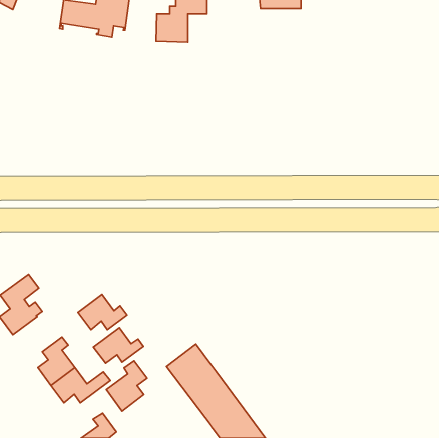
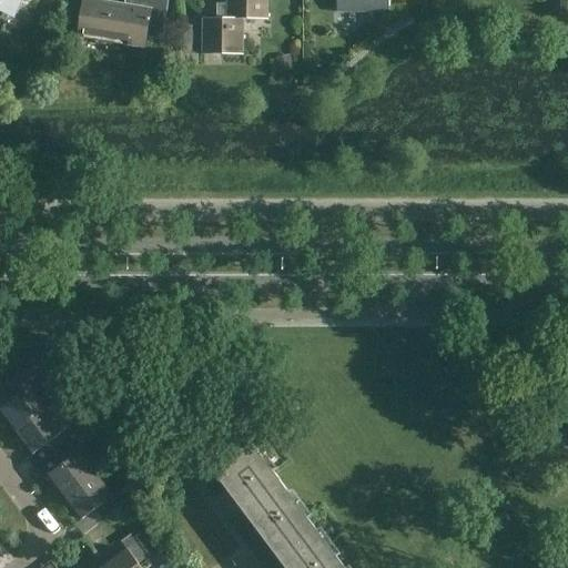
building: [78,295,127,330] -> [17,408,80,454]
building: [93,328,143,363] -> none
building: [106,361,147,411] -> none

